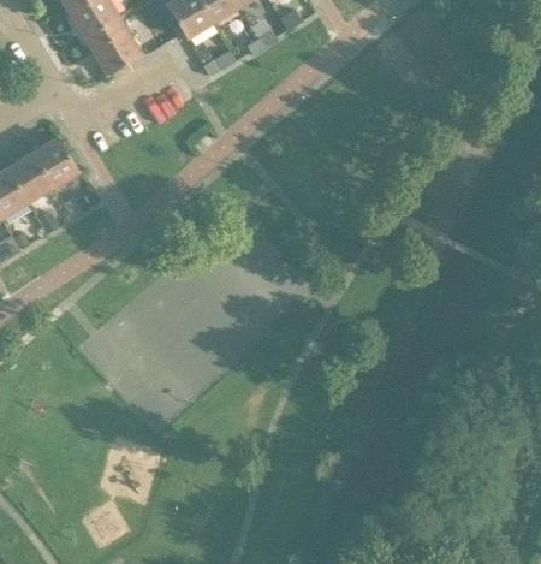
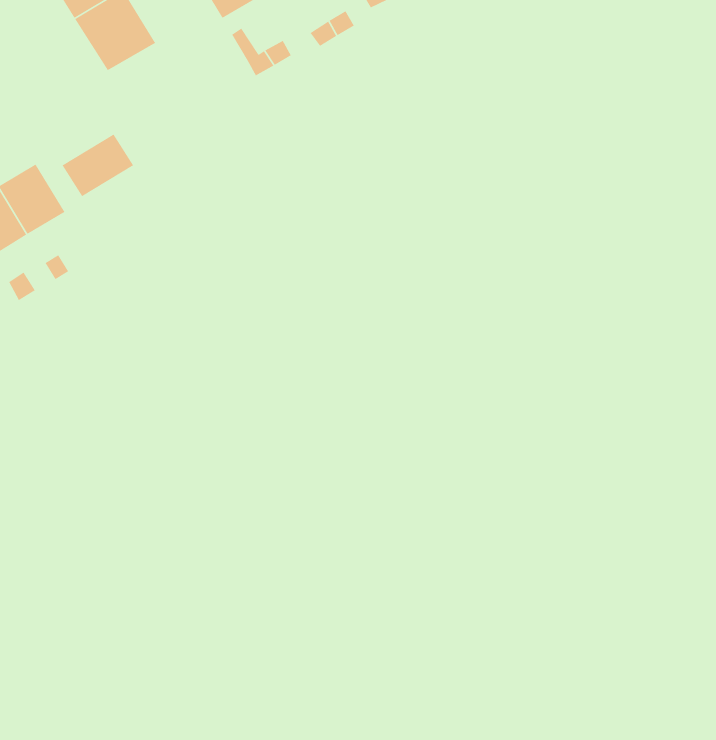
building: none -> [62,133,134,197]

